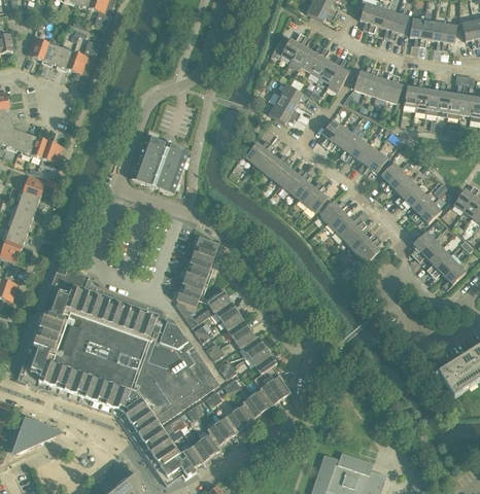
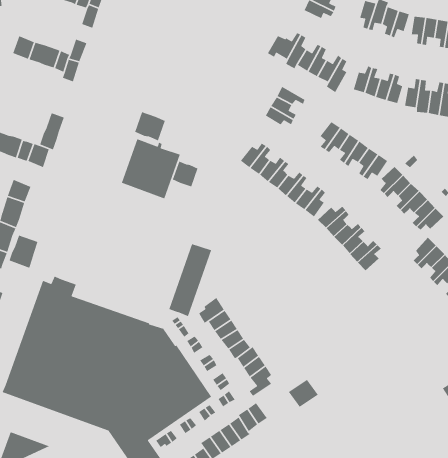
building: none -> [134,111,166,141]
building: none -> [39,112,65,150]
building: none -> [172,160,199,188]
building: none -> [9,234,39,269]
building: [261,376,290,403] -> [288,379,319,408]

